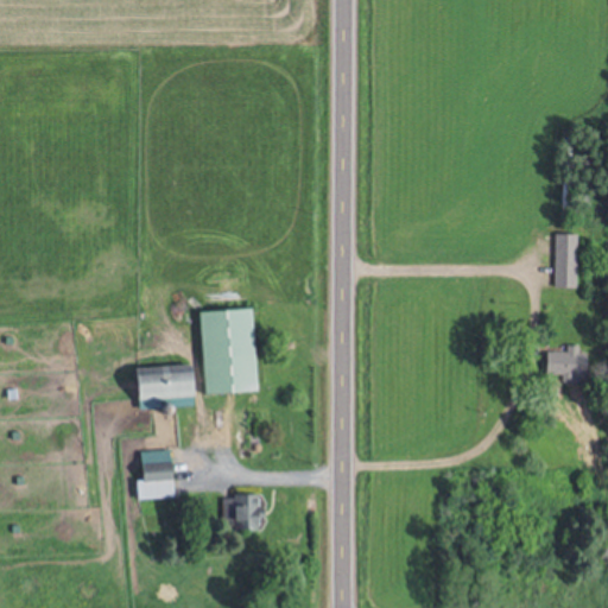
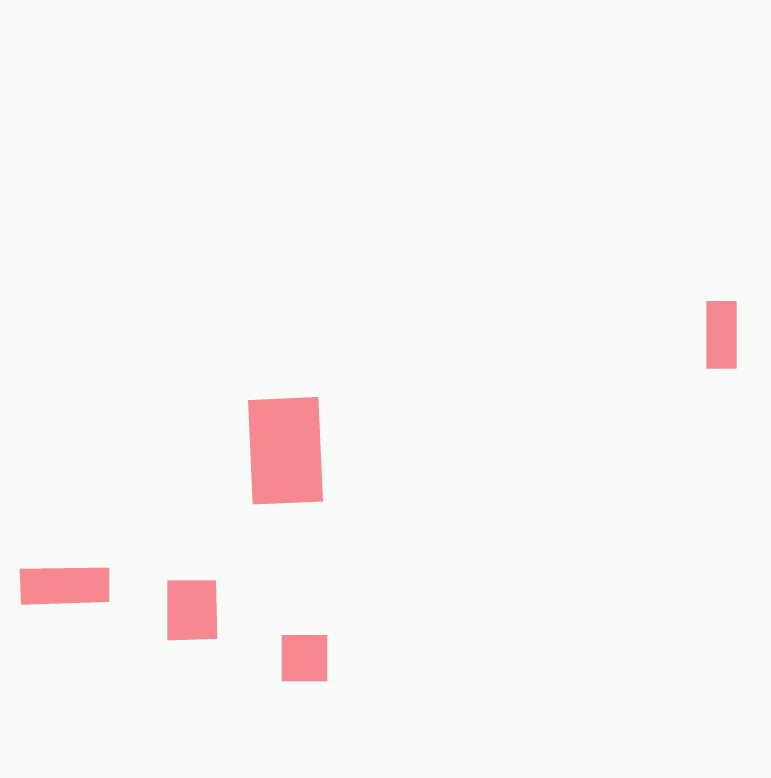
building: [545,350,590,375] -> none
building: [126,369,197,399] -> [19,567,110,605]

